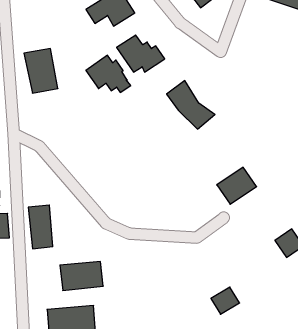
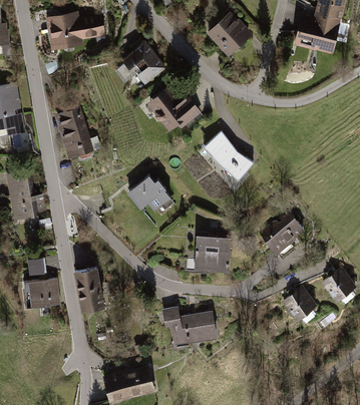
building: [86,55,131,92] -> [127,174,173,211]
building: none -> [197,235,228,269]
building: [60,262,103,290] -> [169,312,215,344]
building: [211,287,240,314] -> [285,289,314,317]

